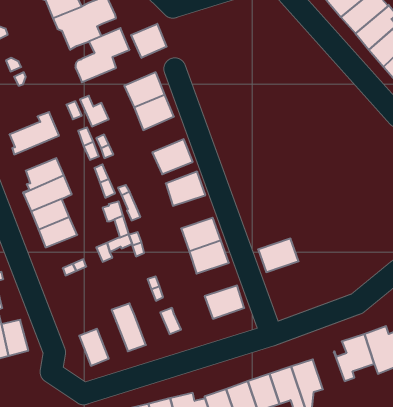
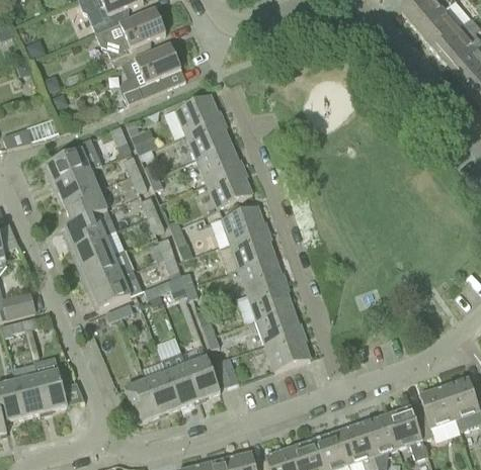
building: [131,24,167,58] -> none
building: none -> [195,143,241,183]
building: none -> [51,169,98,203]
building: none -> [229,230,273,268]
building: none -> [86,270,136,309]
building: [258,239,299,272] -> [255,306,301,344]
building: none -> [181,354,220,398]
building: none -> [144,372,178,413]
building: none -> [386,406,426,459]

